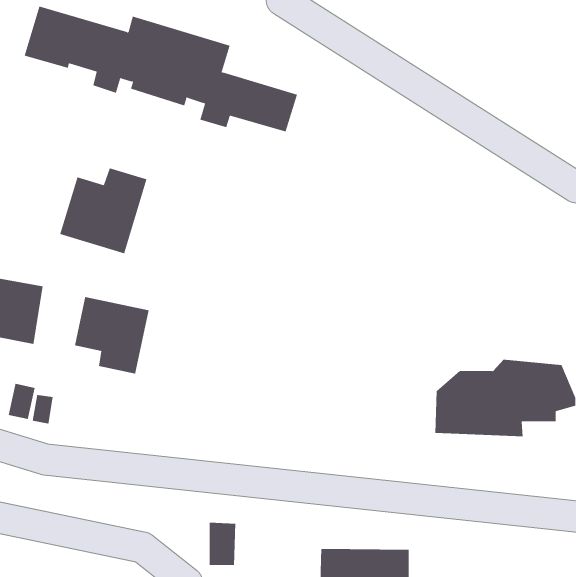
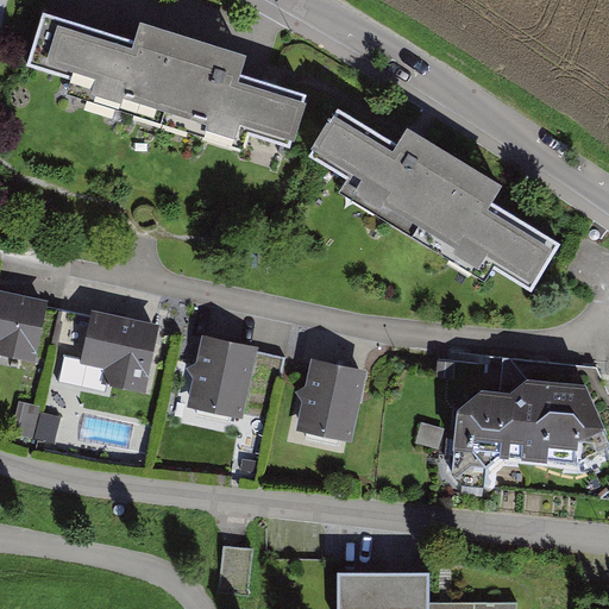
building: none -> [313,108,560,290]
building: [59,167,147,254] -> none
building: none -> [186,341,252,420]
building: none -> [295,362,362,442]

